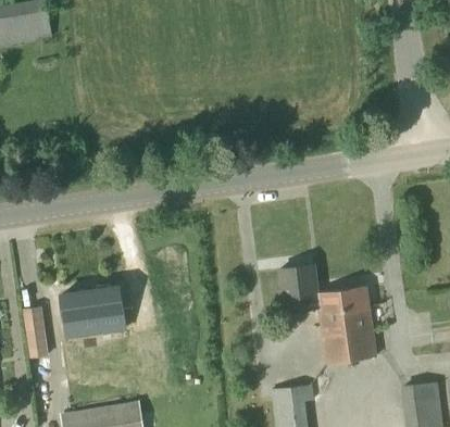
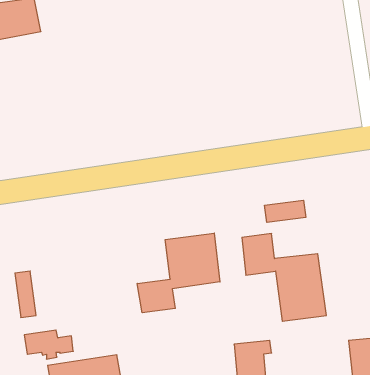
building: none -> [265,200,306,222]
building: none -> [137,233,220,313]
building: [60,291,115,324] -> [24,330,73,359]

